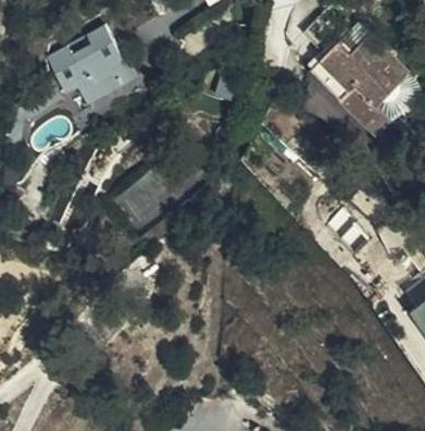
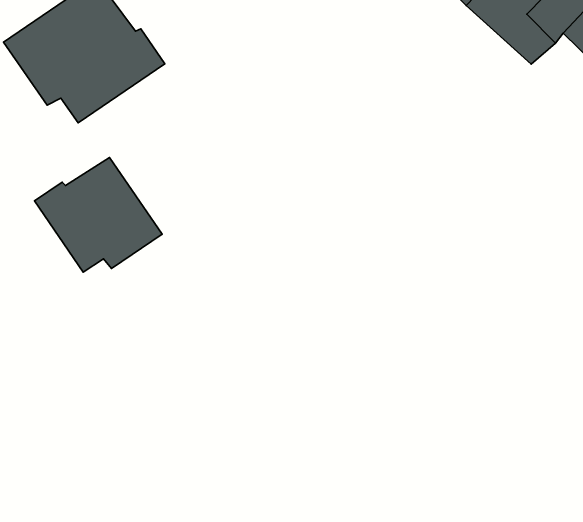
building: none -> [34,157,162,272]

